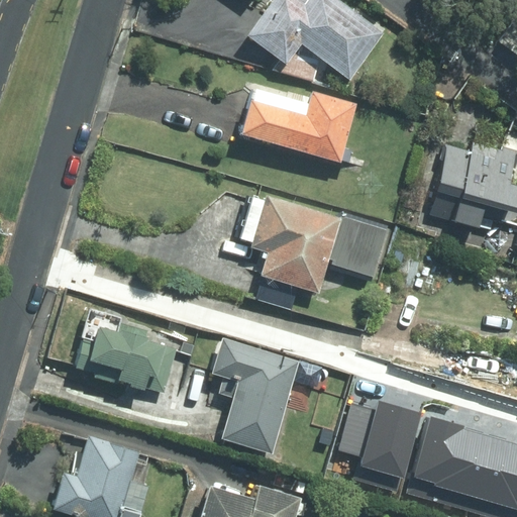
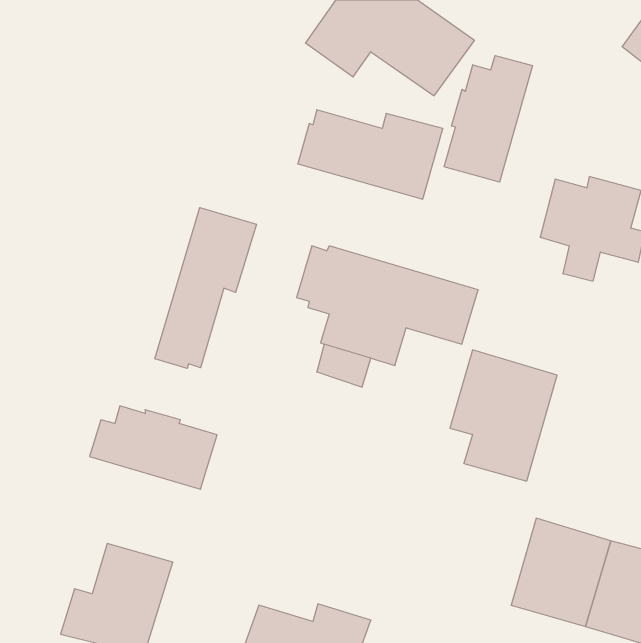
building: none -> [444,56,533,182]
building: none -> [155,208,257,368]
building: [212,338,300,452] -> none
building: [336,386,422,491] -> [450,350,557,481]

